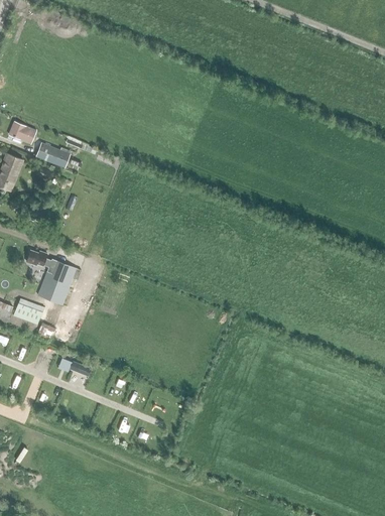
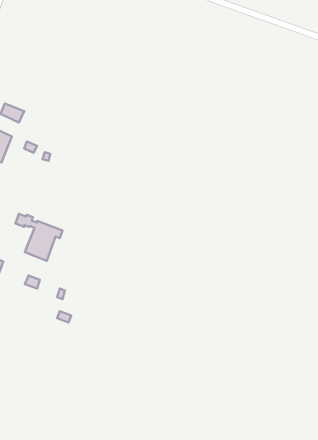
building: [36,143,70,167] -> none
building: [13,298,43,325] -> none

